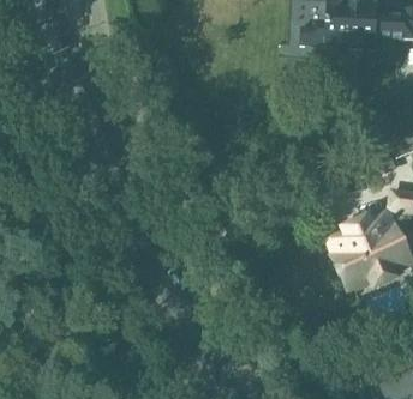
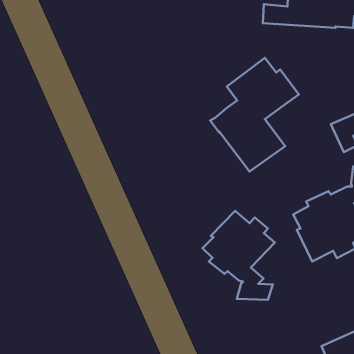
building: none -> [210,58,299,172]
building: none -> [202,211,275,300]

